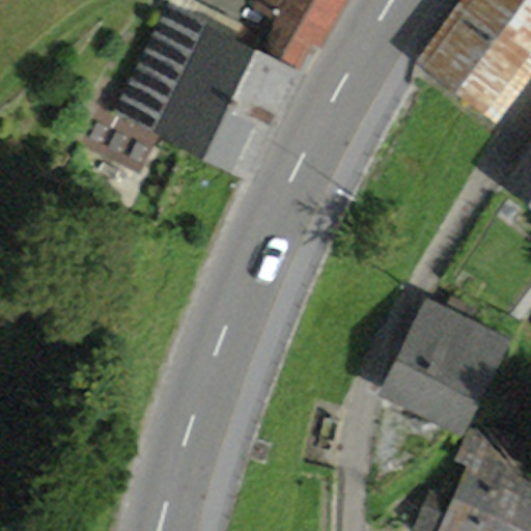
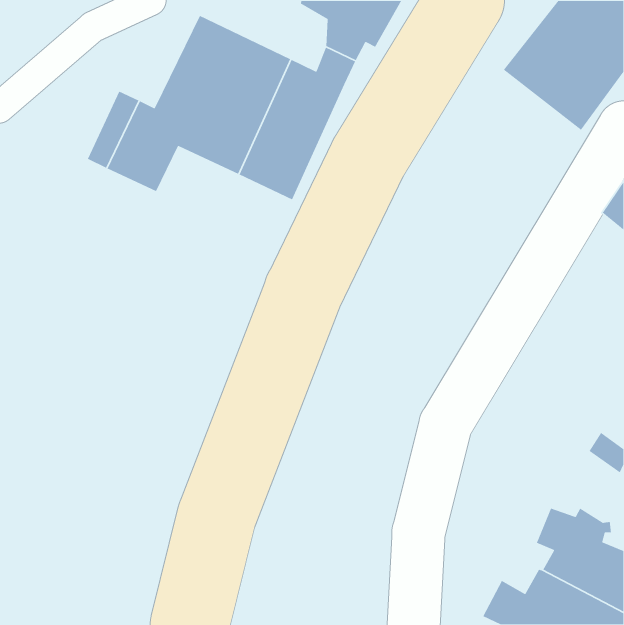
building: [384,299,499,423] -> none

